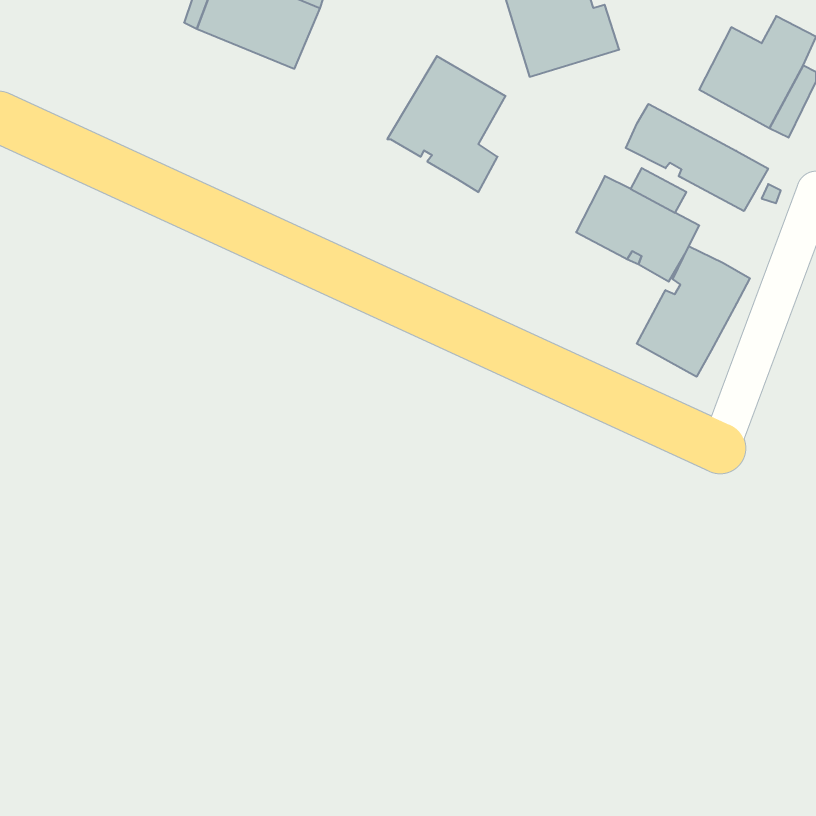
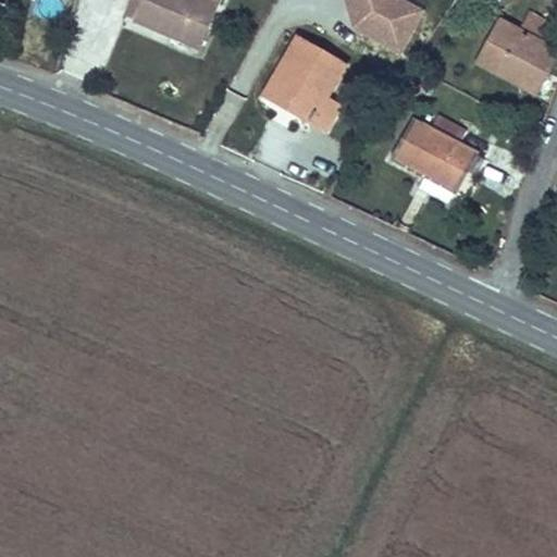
building: [626,104,768,211] -> none
building: [637,246,750,377] -> none

